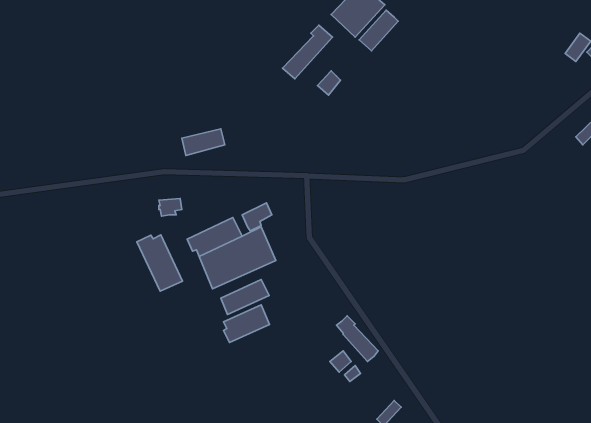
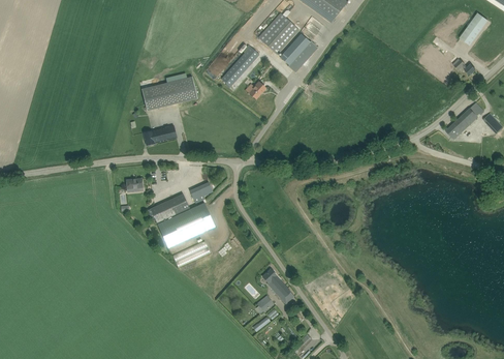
building: none -> [141,77,197,112]
building: [137,235,183,291] -> none
building: [223,305,270,343] -> none

